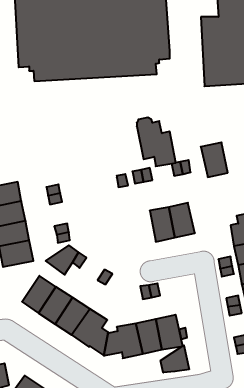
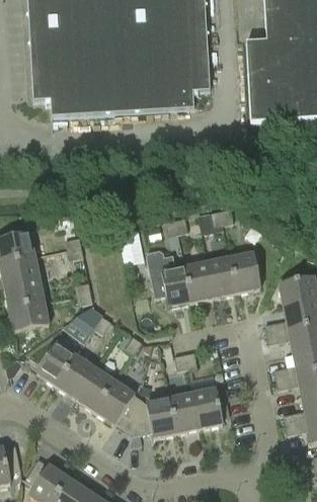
building: [137,118,176,166] -> [147,250,192,307]
building: [201,142,228,177] -> [230,252,261,292]
building: [161,345,189,373] -> none

